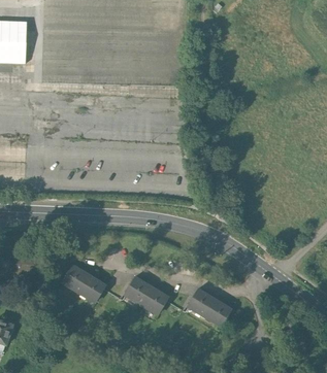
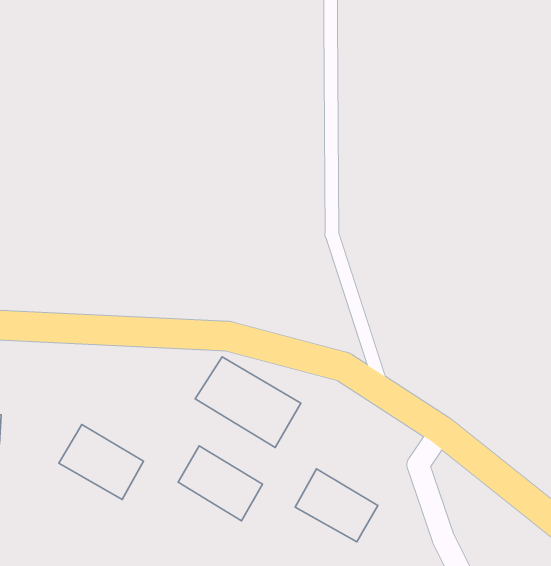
building: none -> [195,357,301,448]

